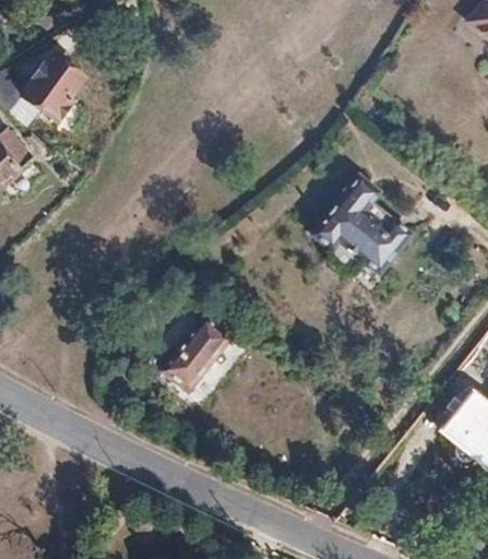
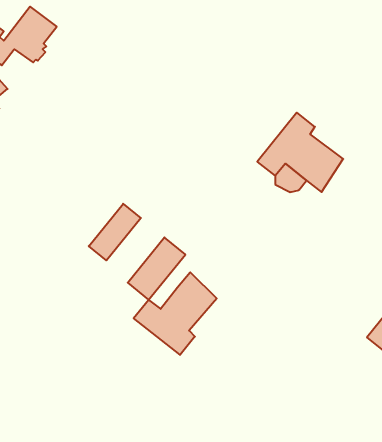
building: none -> [89,204,141,260]
building: none -> [134,272,217,355]

